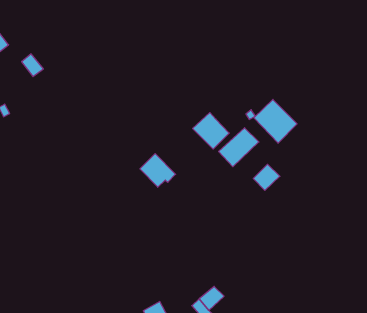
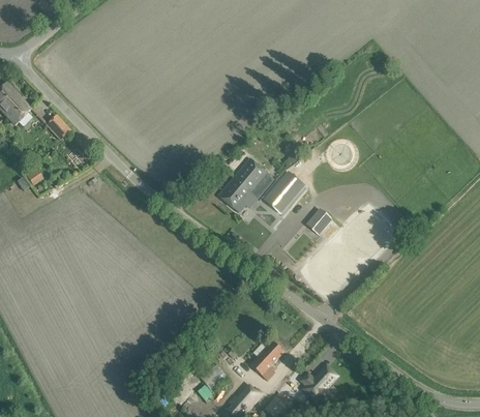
building: [254,99,297,143] -> none
building: [140,154,176,187] -> [219,177,258,212]

